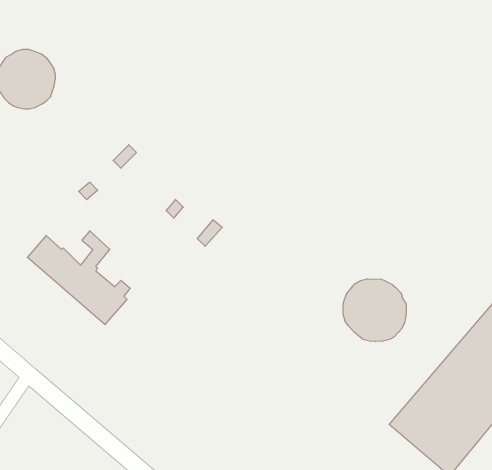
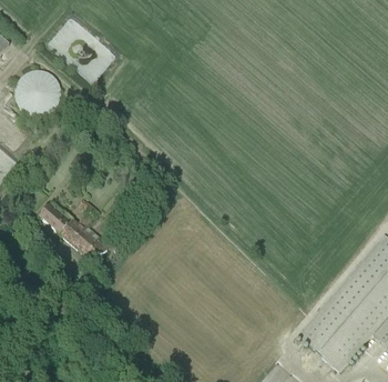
building: [343,279,406,342] -> none

